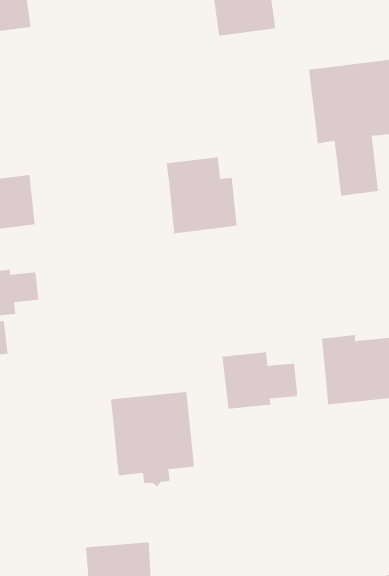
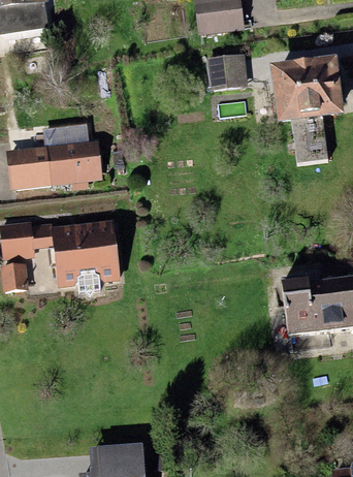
building: none -> [206,54,248,91]
building: [166,157,238,234] -> [44,124,102,186]
building: [222,351,298,410] -> none
building: [110,391,195,487] -> [52,220,120,297]

